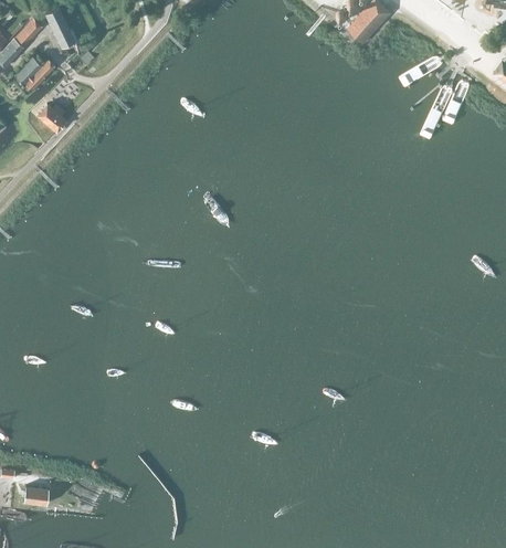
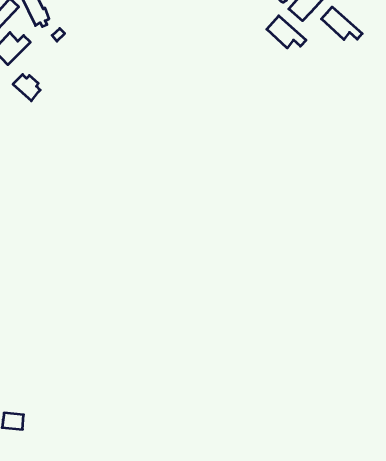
building: none -> [321,7,362,40]
building: none -> [267,16,306,48]

